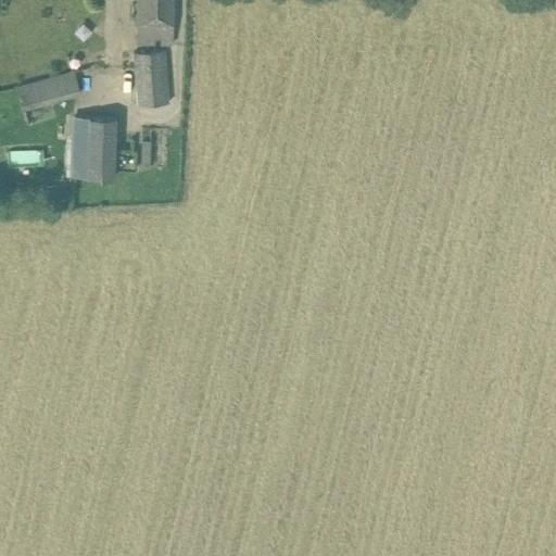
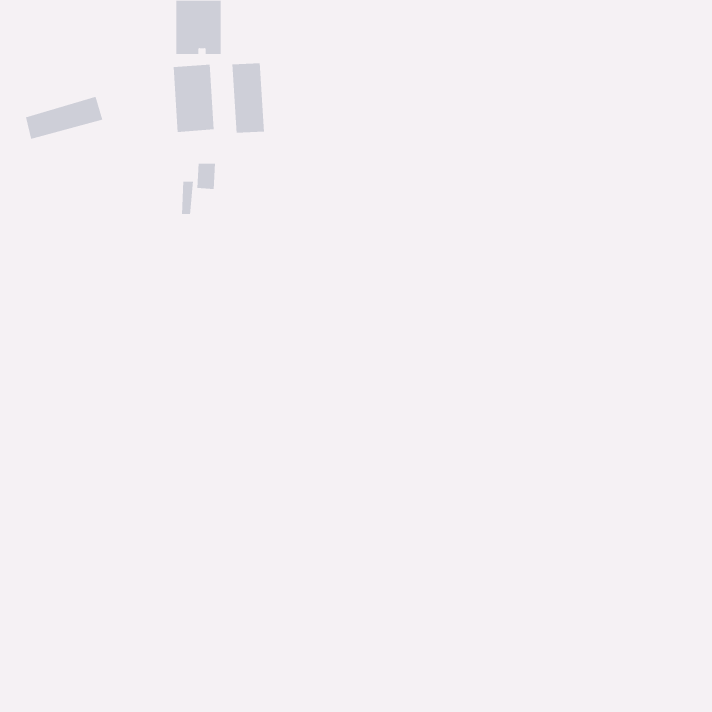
building: none -> [232,63,265,133]
building: [71,116,116,178] -> none

